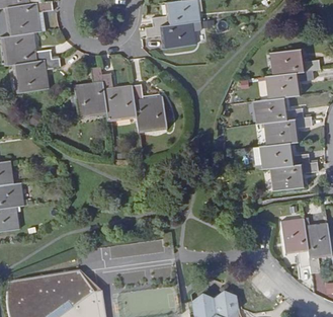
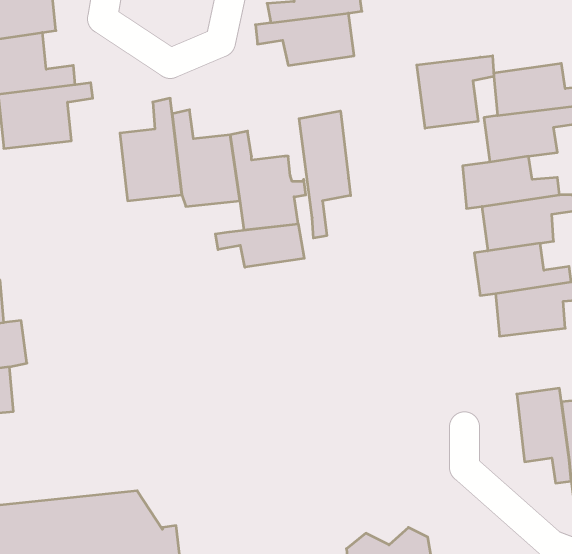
building: none -> [417,56,494,128]
building: none -> [299,111,351,238]
building: none -> [215,224,304,267]

